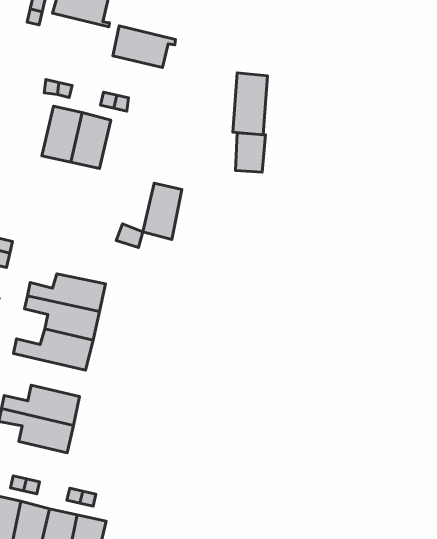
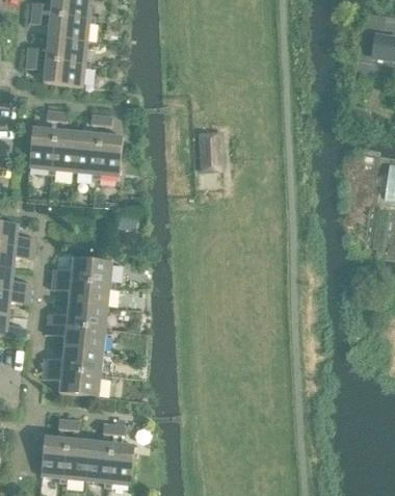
building: [113,26,176,68] -> [43,57,89,85]
building: [233,73,268,135] -> none
building: none -> [28,127,54,168]
building: [143,183,182,239] -> [96,134,122,176]
building: none -> [46,323,104,350]

